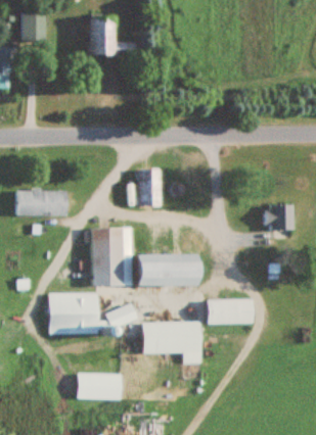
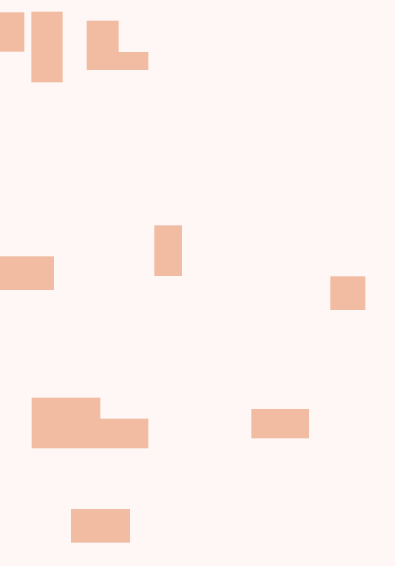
building: none -> [31,11,64,83]
building: [92,227,131,284] -> none
building: [137,253,197,284] -> none
building: [144,322,201,364] -> none

